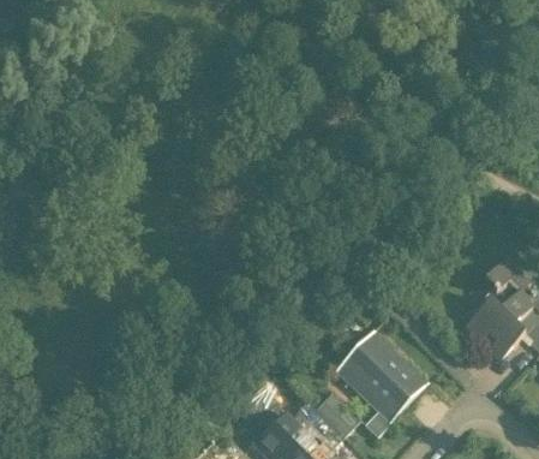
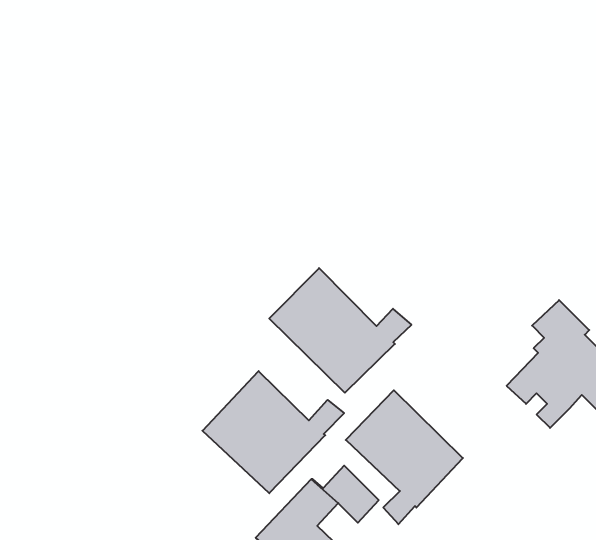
building: none -> [269,268,411,393]
building: none -> [202,371,344,493]

